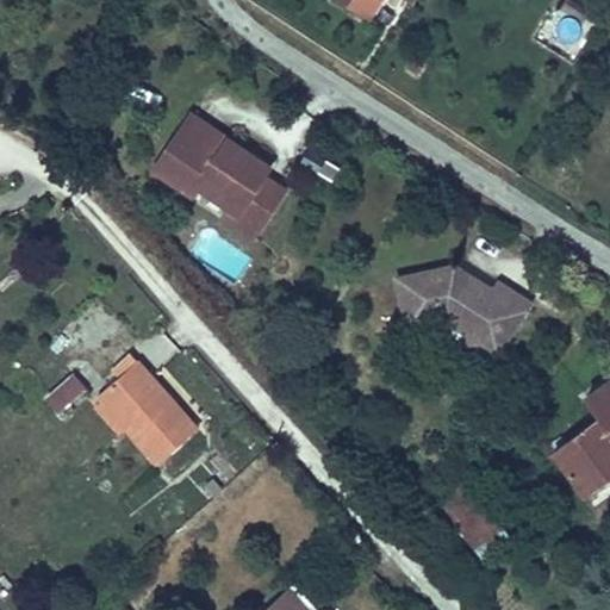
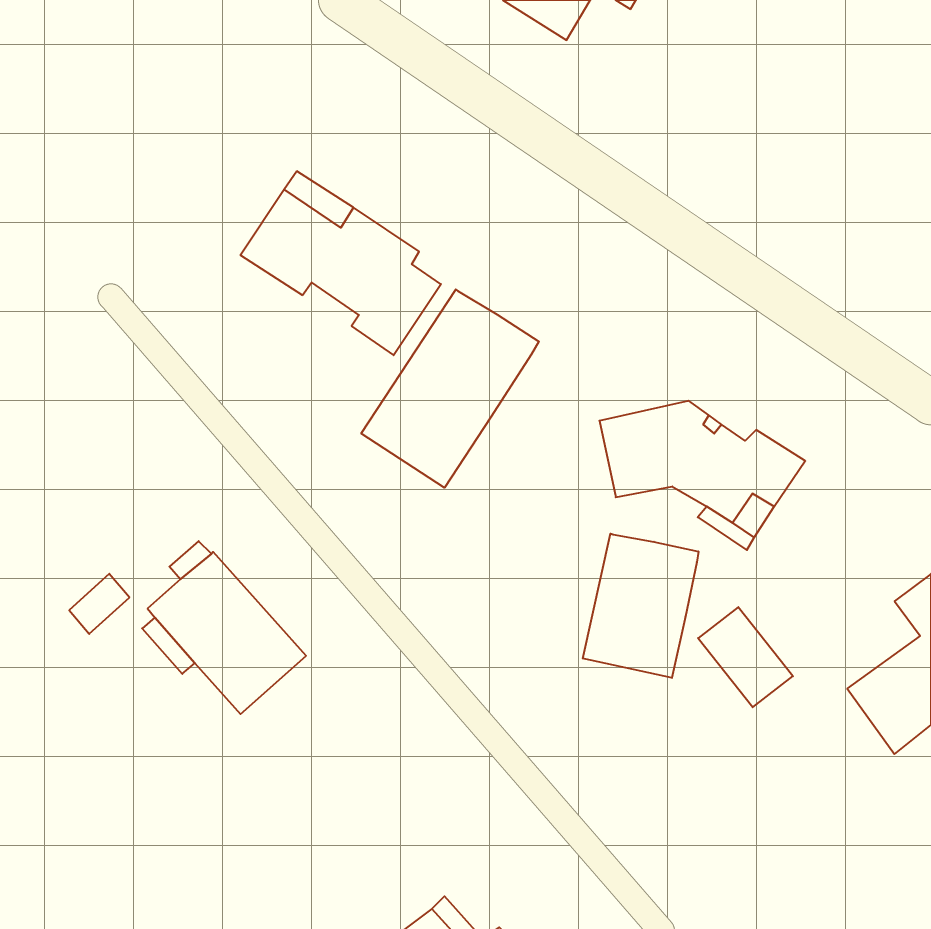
building: none -> [361,289,539,488]
building: none -> [583,534,698,678]
building: [440,484,502,549] -> [698,607,793,707]

